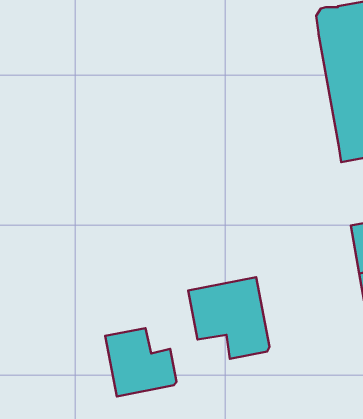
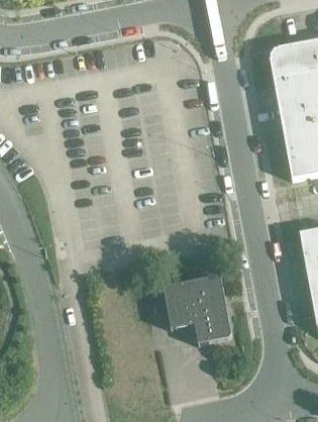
building: [105,328,177,396] -> none

